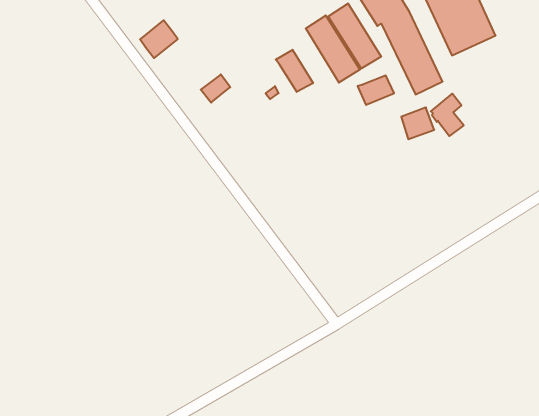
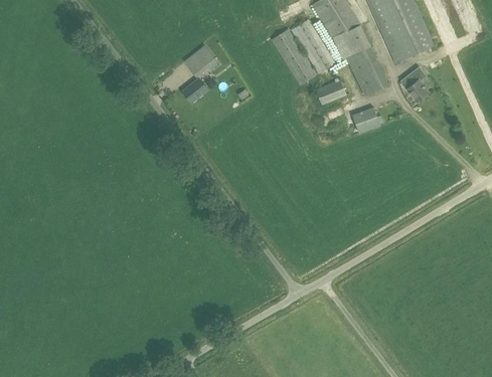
building: [140,20,178,58] -> [183,45,215,77]
building: [276,50,313,92] -> none
building: [431,94,464,136] -> [399,65,428,102]

